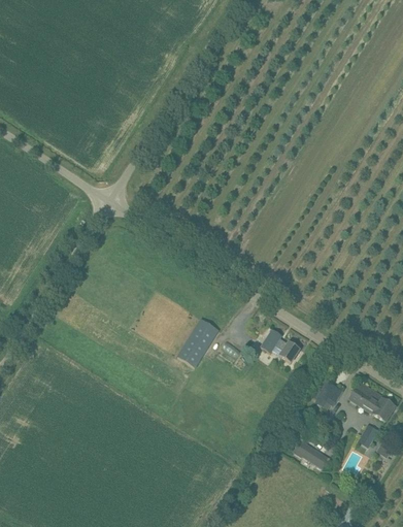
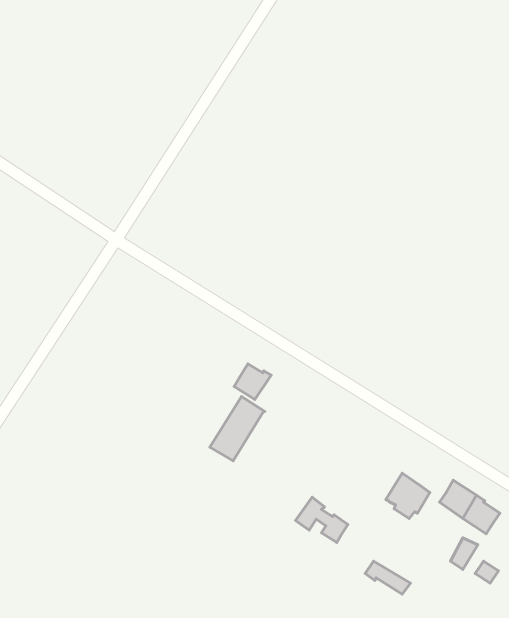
building: none -> [234,364,271,399]
building: [260,329,299,363] -> [296,497,348,542]

